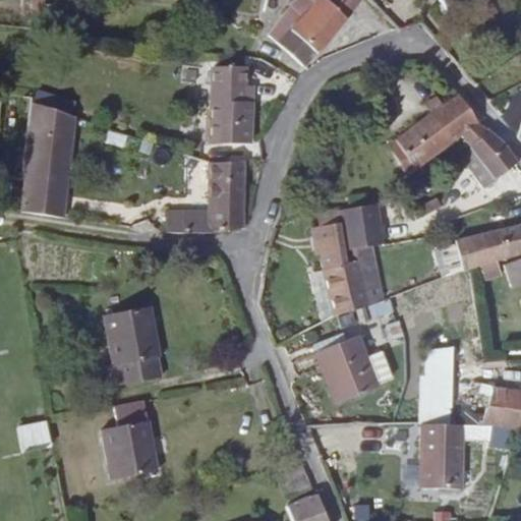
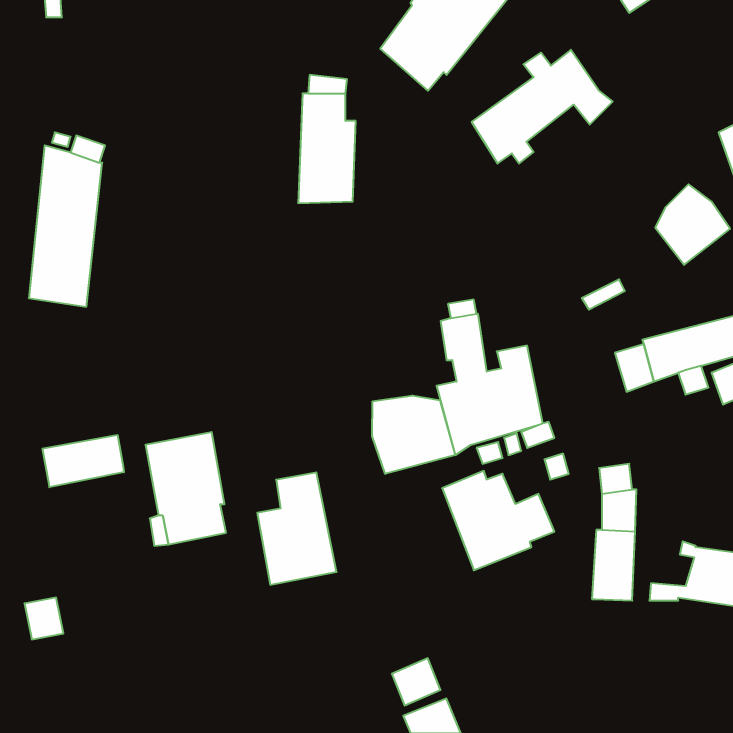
building: [389,94,488,174] -> [472,50,613,164]
building: [168,161,245,232] -> none
building: [339,202,386,249] -> none
building: none -> [372,395,455,474]
building: none -> [43,435,124,487]
building: [103,400,159,479] -> [257,472,337,585]
building: [420,423,464,488] -> none

